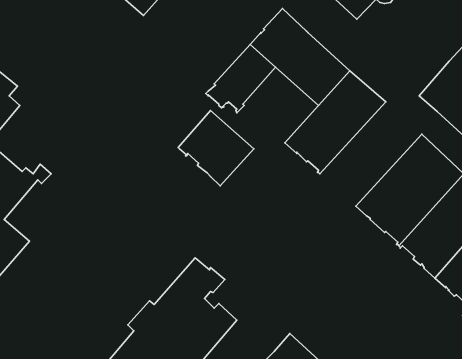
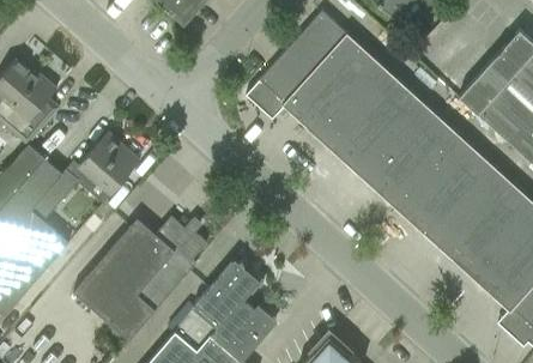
building: none -> [359,104,461,208]
building: [178,110,254,186] -> [283,69,358,145]
building: none -> [79,133,140,194]
building: none -> [73,217,207,341]

